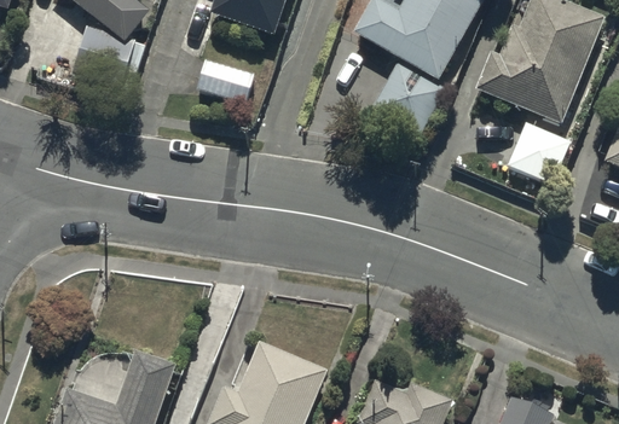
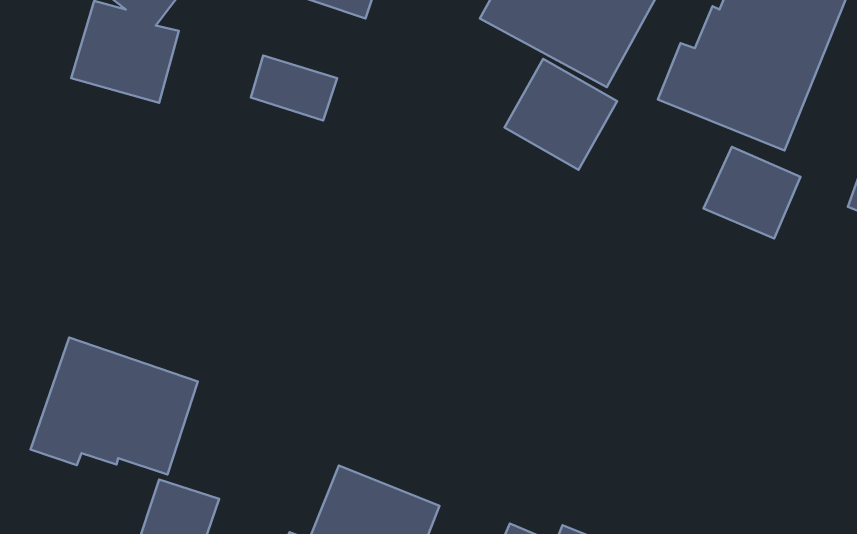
building: none -> [31,337,198,475]

